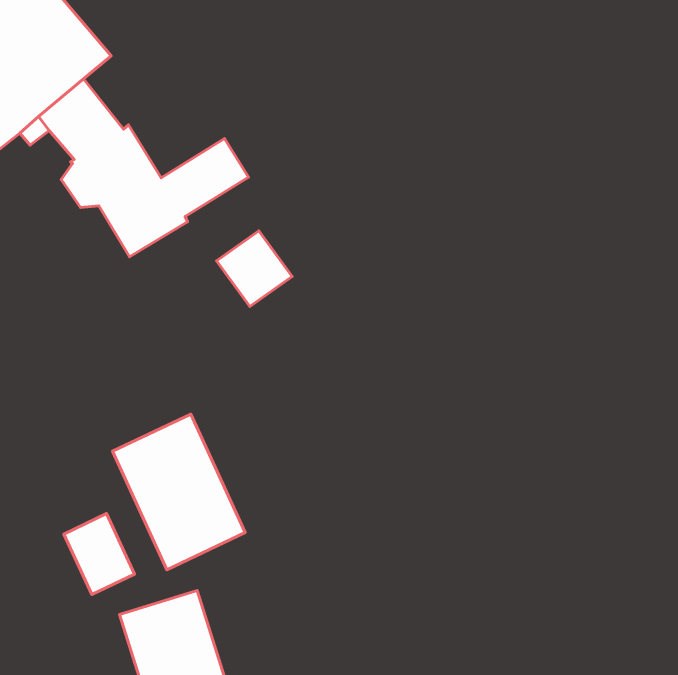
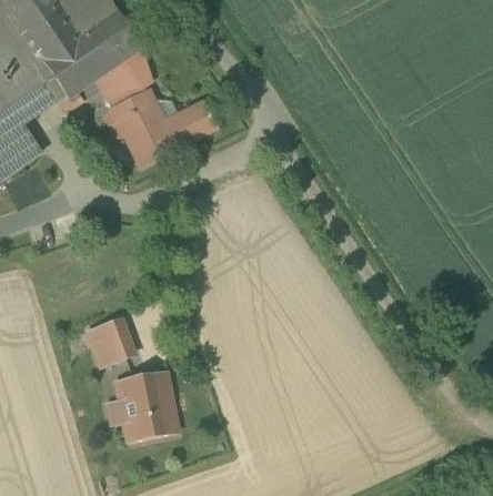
building: [216,231,292,306] -> none
building: [112,414,245,570] -> none

